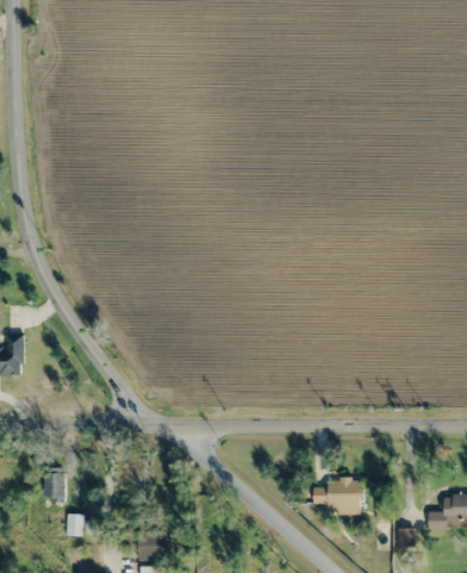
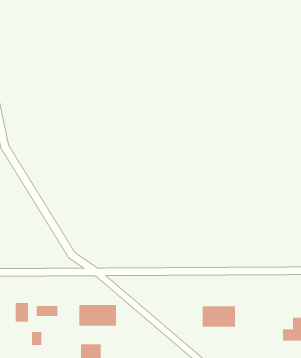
building: none -> [79,304,116,327]
building: none -> [36,305,58,317]

